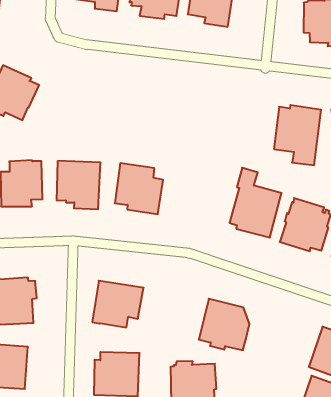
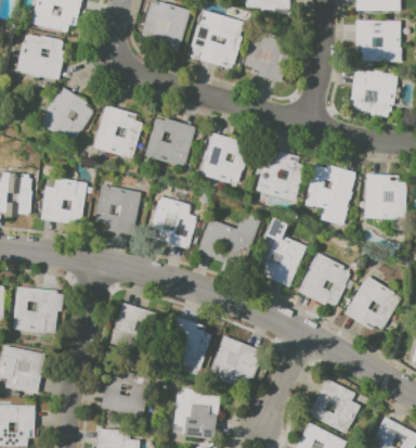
building: none -> [93,105,142,159]
building: none -> [145,118,195,166]
building: none -> [200,133,249,183]
building: none -> [256,148,306,201]
building: none -> [197,217,261,264]
building: none -> [166,316,212,367]

